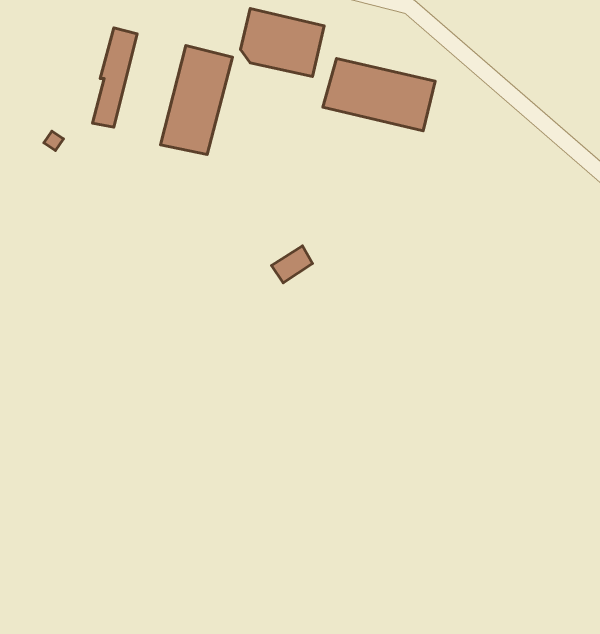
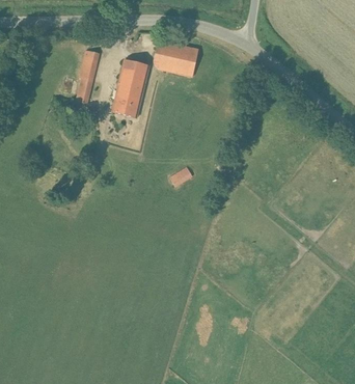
building: [323,58,435,131] -> none

